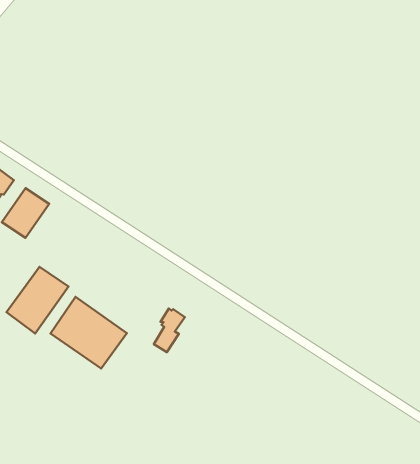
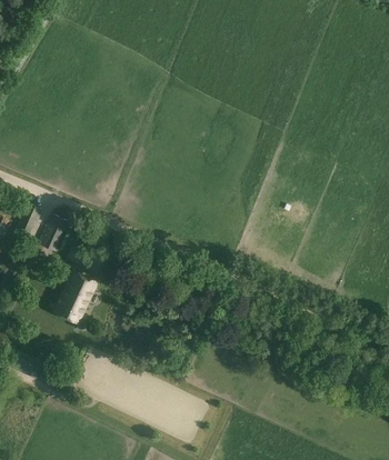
building: [50,297,127,368] -> none

